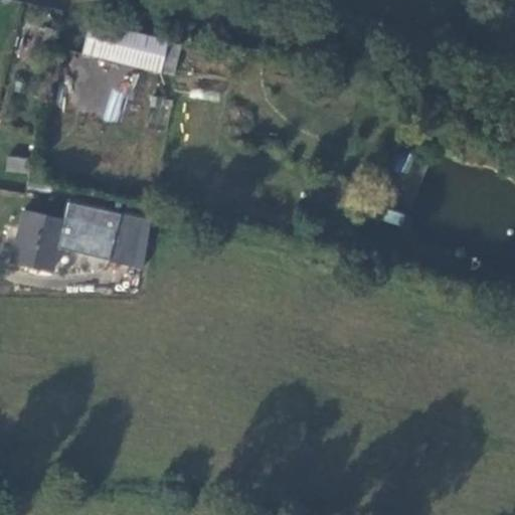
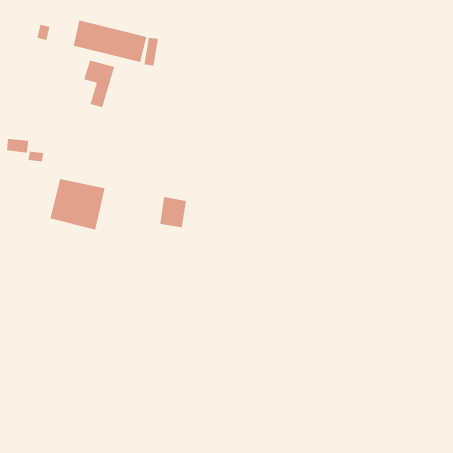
building: [11,210,63,274] -> none
building: [119,218,150,254] -> [159,196,187,228]

